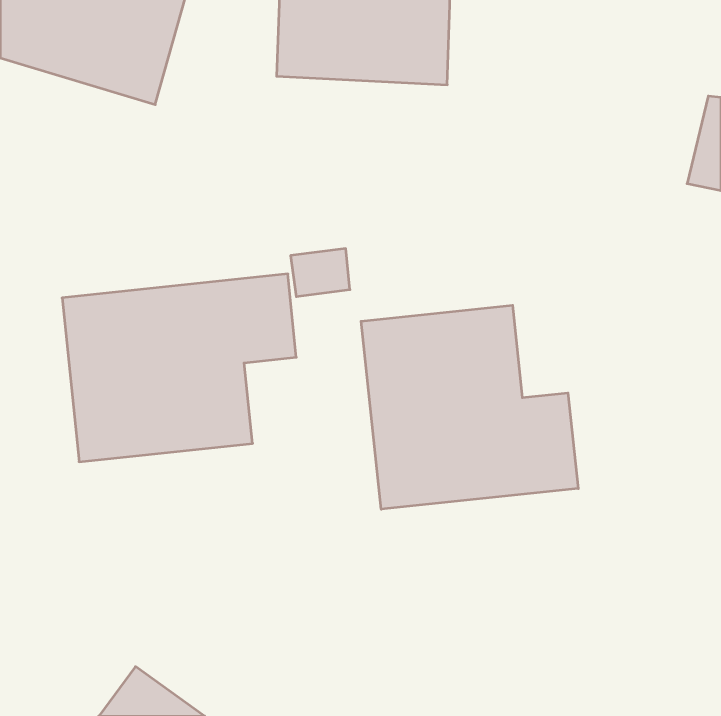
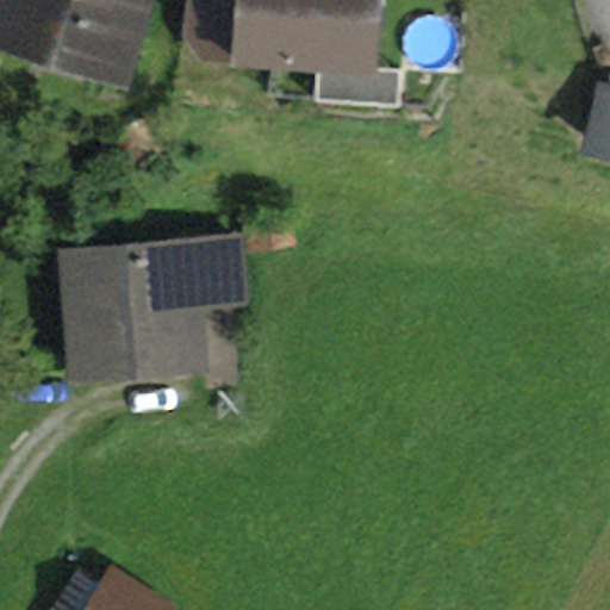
building: [361,305,578,509] -> none

